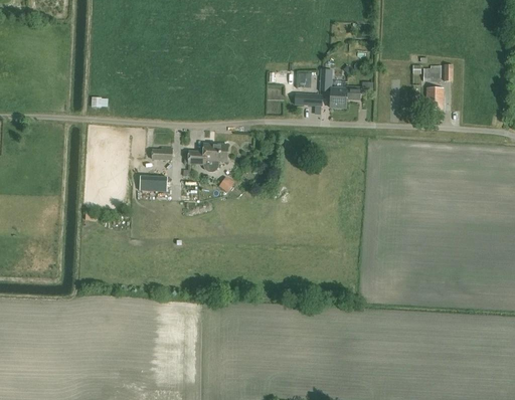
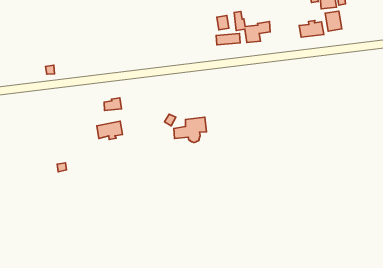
building: none -> [299,20,324,37]
building: [188,144,227,172] -> [174,117,206,143]

